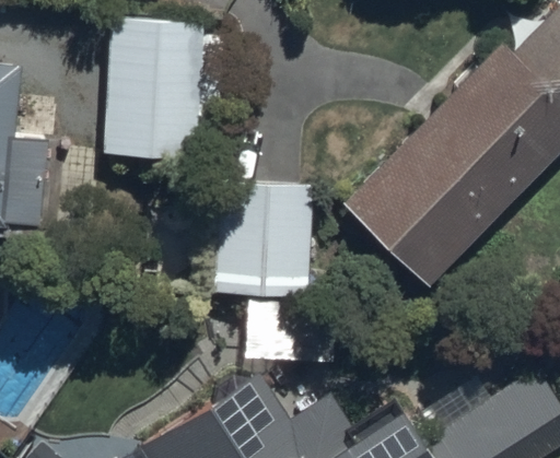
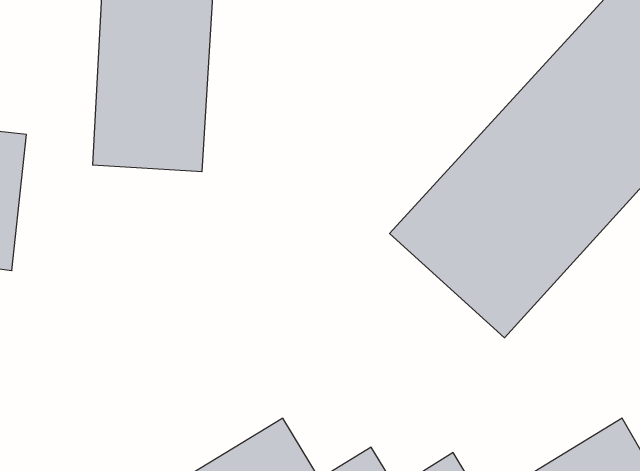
building: [212,179,313,297] -> none

